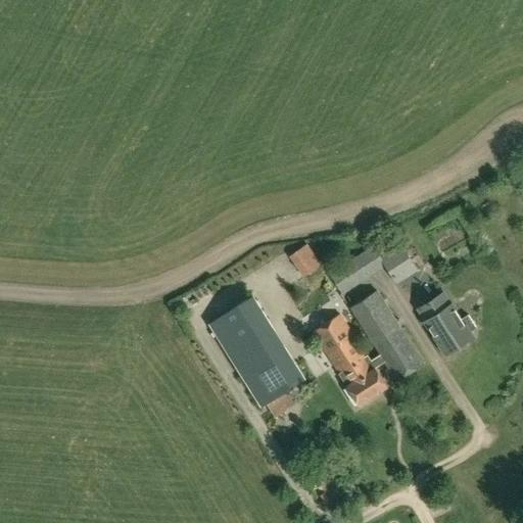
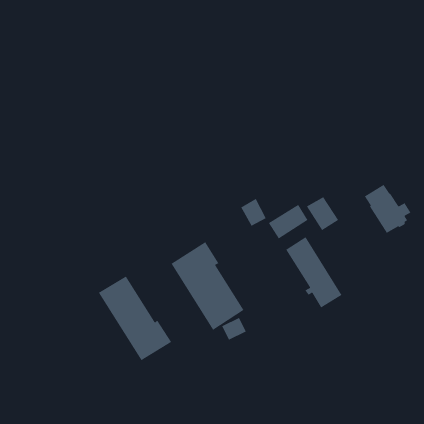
building: [417,292,475,353] -> [364,184,411,234]
building: [312,316,386,406] -> none
building: none -> [98,276,172,361]

